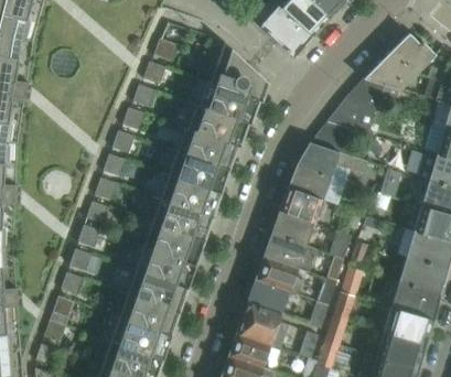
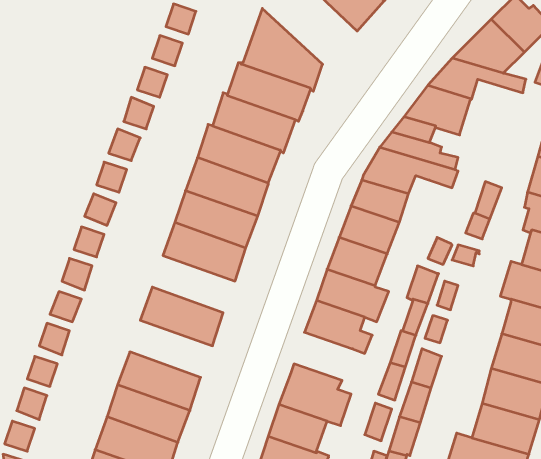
building: [143,223,204,265] -> none
building: [127,270,187,312] -> none
building: [247,279,290,314] -> none

